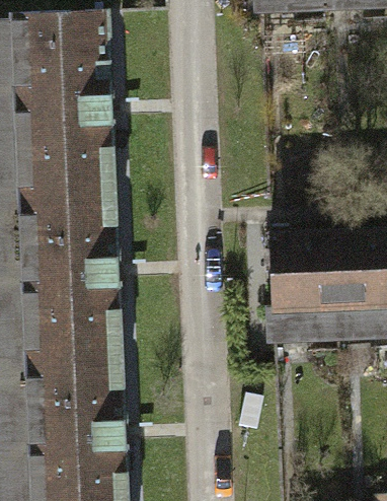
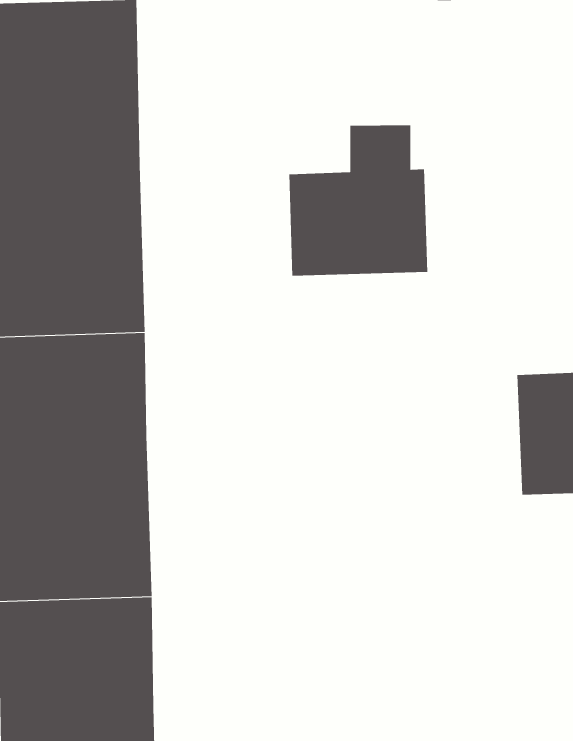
building: none -> [289,124,428,277]
building: [267,238,341,345] -> none

